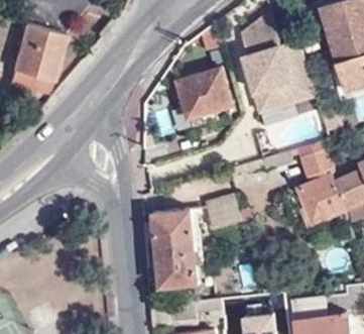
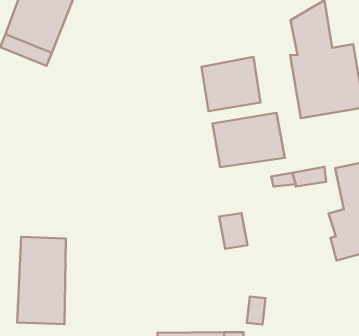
building: none -> [212,113,285,167]
building: [151,212,196,287] -> [17,237,66,324]

